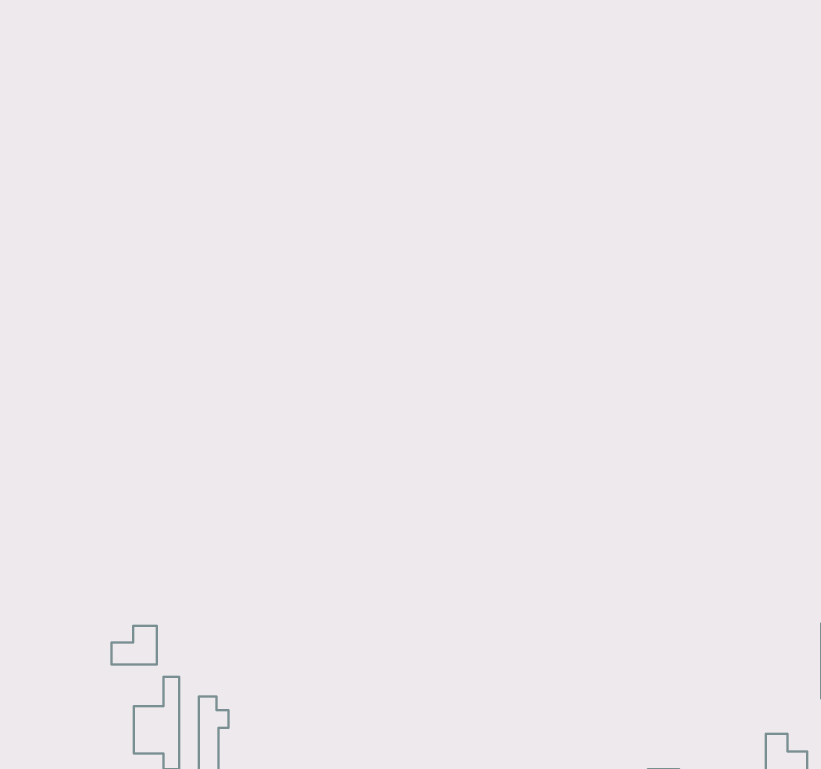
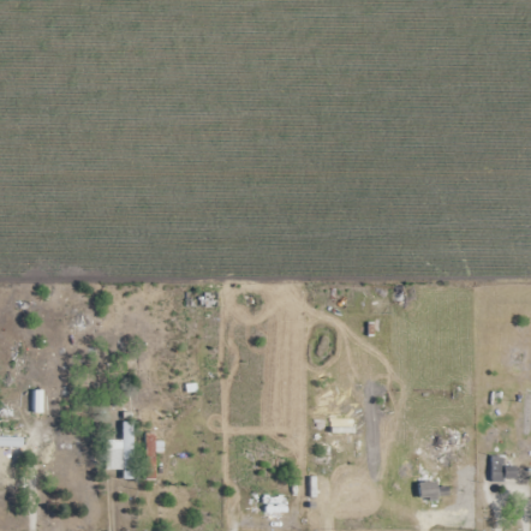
building: [112,626,157,665] -> none

